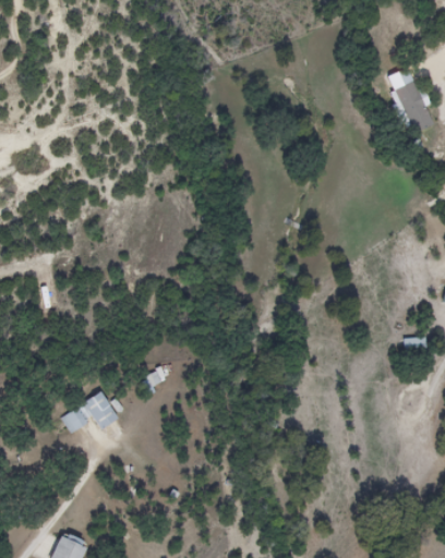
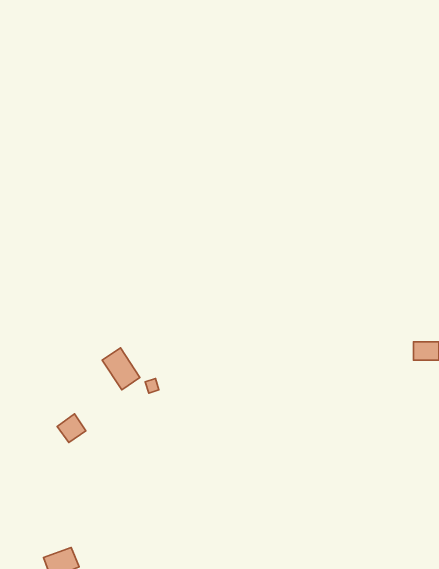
building: [84,390,120,430] -> [102,348,140,390]

